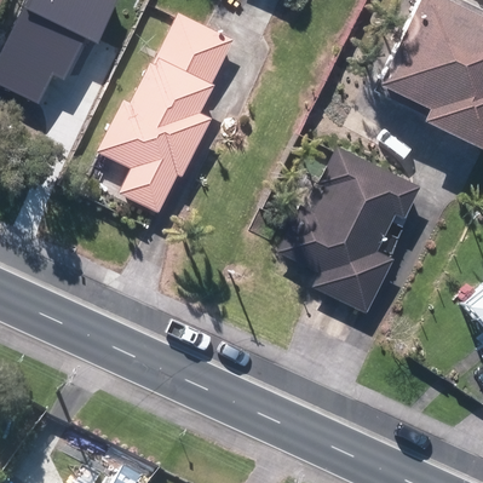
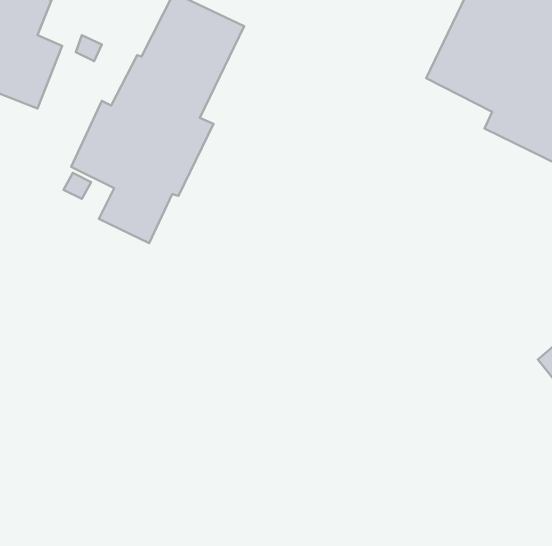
building: [284,148,414,303] -> none

